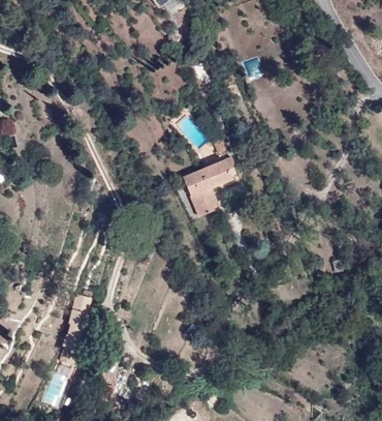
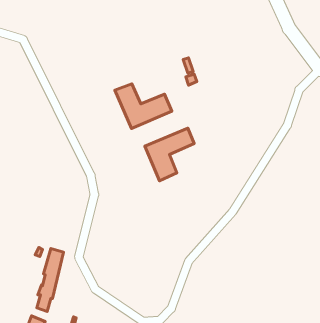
building: none -> [115,84,172,128]

